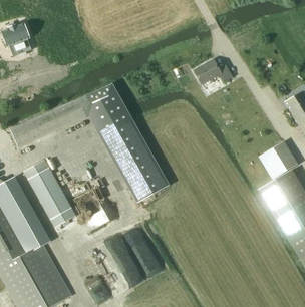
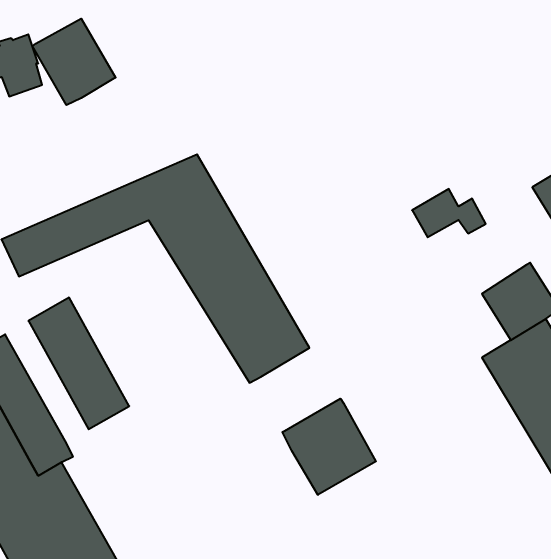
building: none -> [32,19,116,105]
building: [196,58,234,83] -> [412,189,486,237]
building: none -> [282,399,376,495]

